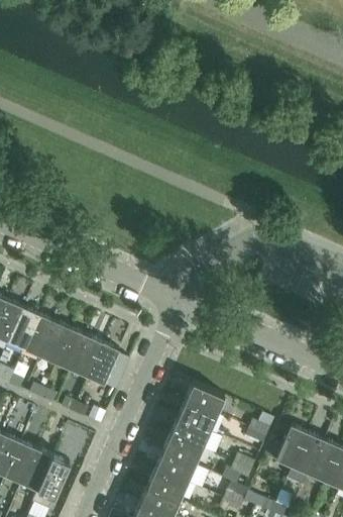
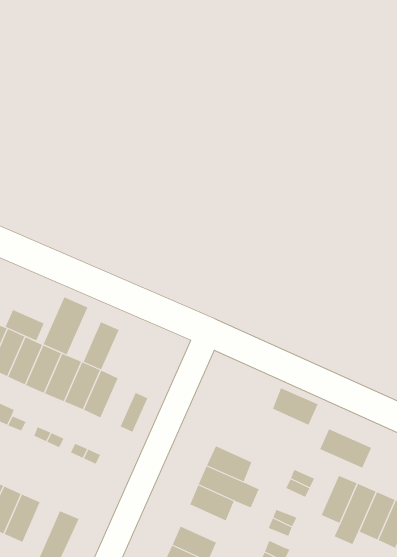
building: none -> [43,297,88,355]
building: none -> [5,309,44,341]
building: [88,343,119,385] -> [83,322,119,370]
building: [186,383,225,415] -> [272,388,318,425]
building: none -> [320,428,372,468]
building: [21,449,52,491] -> none
building: [155,451,210,490] -> none

